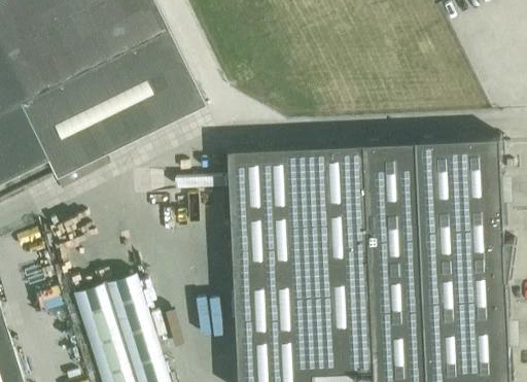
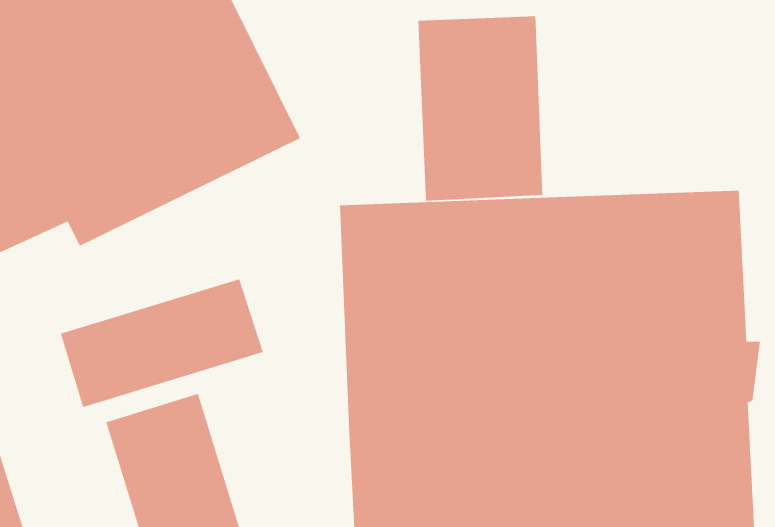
building: none -> [418,16,543,202]
building: none -> [60,279,263,408]

